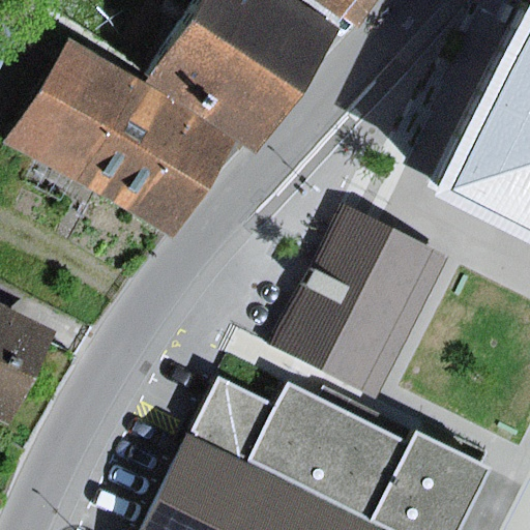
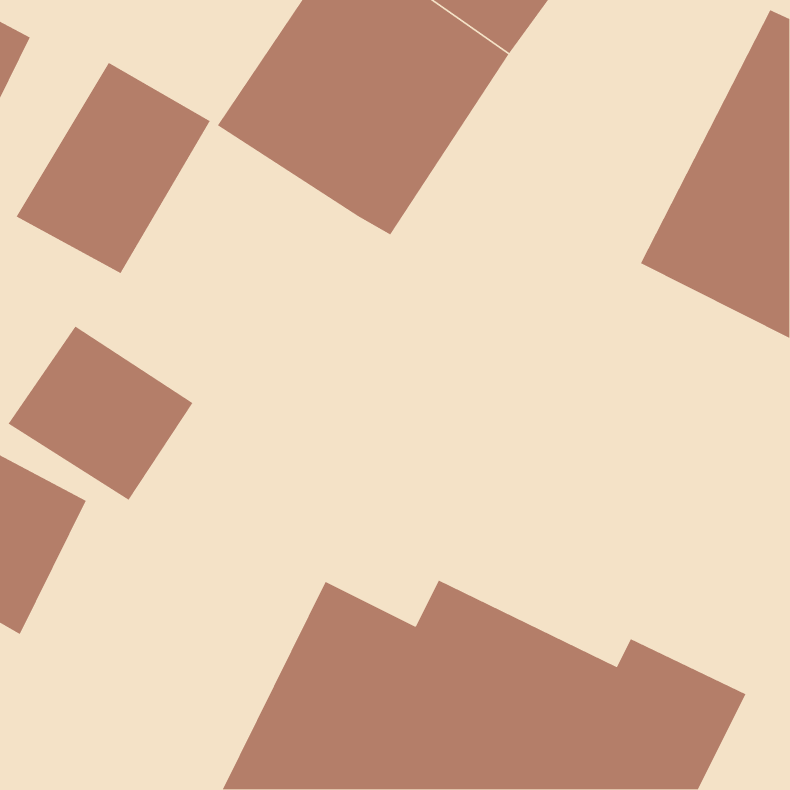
building: [81,81,239,240] -> none
building: [270,212,425,389] -> none
building: none -> [7,325,194,501]

